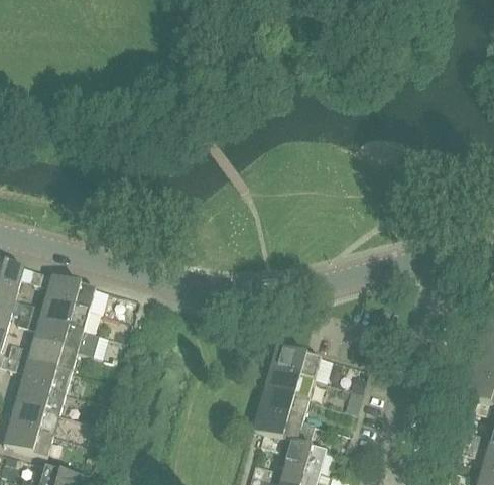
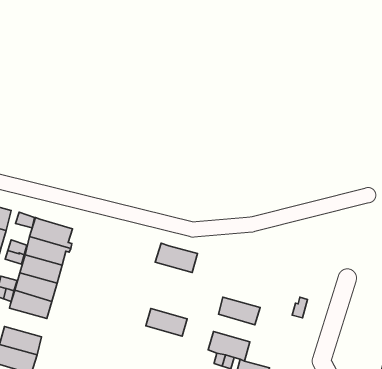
building: [272,344,322,378] -> [155,243,197,273]
building: [17,379,67,412] -> none
building: [261,386,310,418] -> [146,309,187,336]

